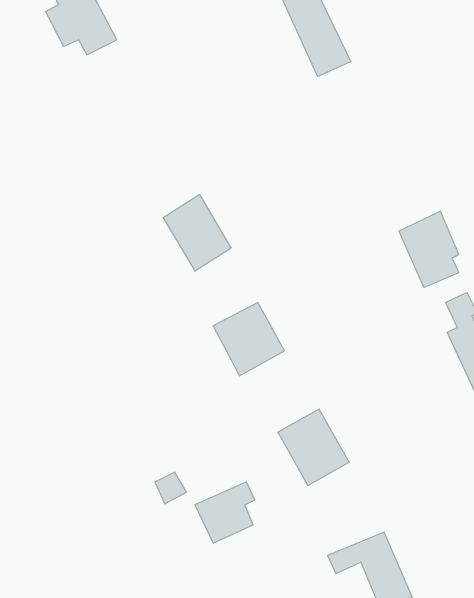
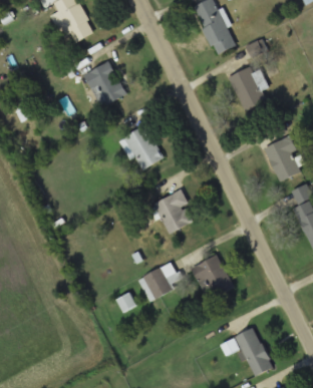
building: none -> [83,60,126,104]
building: none -> [228,66,267,111]
building: [195,482,255,543] -> [137,264,174,301]

